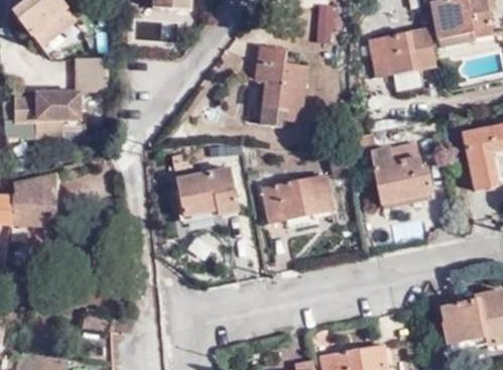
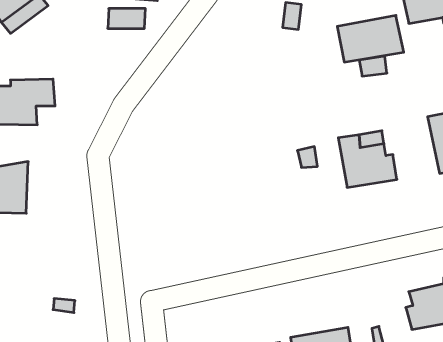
building: [259,43,310,121] -> none
building: [75,54,108,87] -> none
building: [181,173,241,220] -> none
building: [265,180,333,227] -> none

